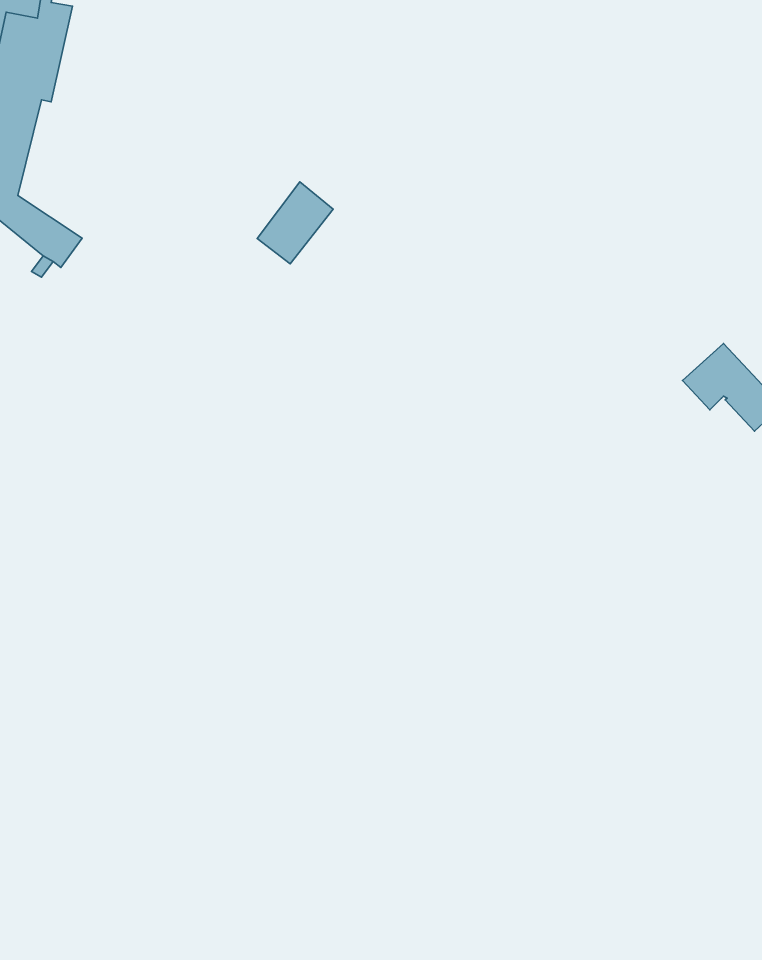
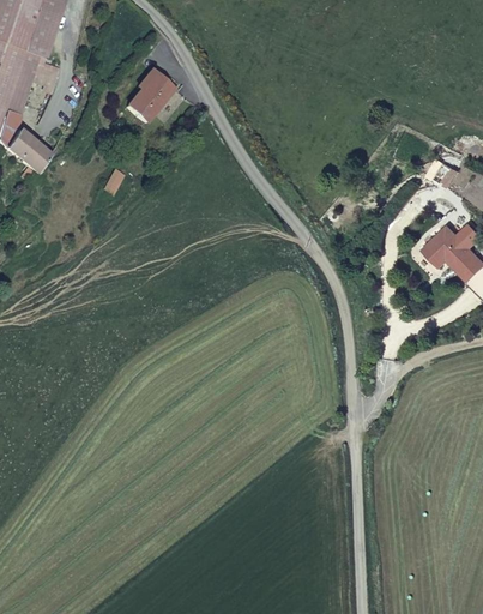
building: [257,182,333,264] -> [131,68,177,119]

